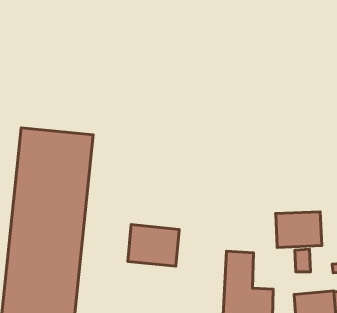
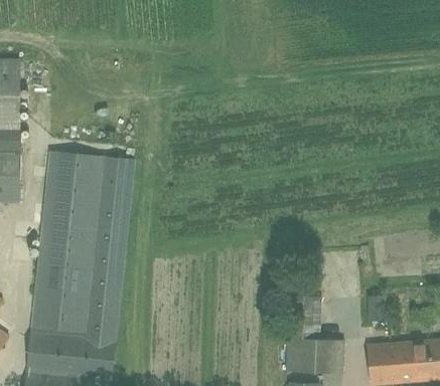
building: [276,212,322,247] -> none
building: [128,225,179,266] -> none

